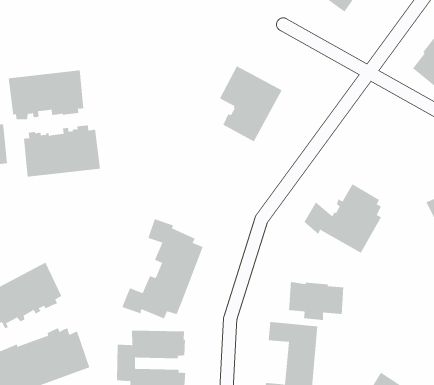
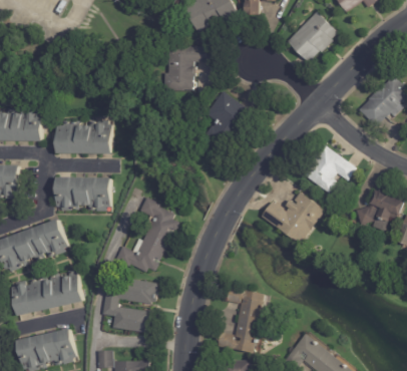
building: none -> [164,44,210,90]
building: [8,70,84,120] -> [56,177,111,211]
building: none -> [297,144,352,194]
building: [289,281,344,321] -> none

